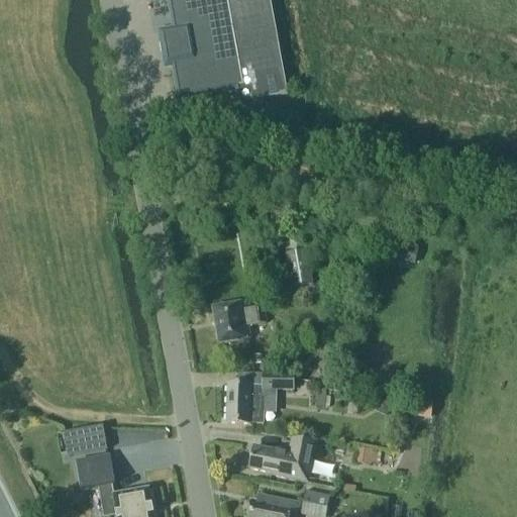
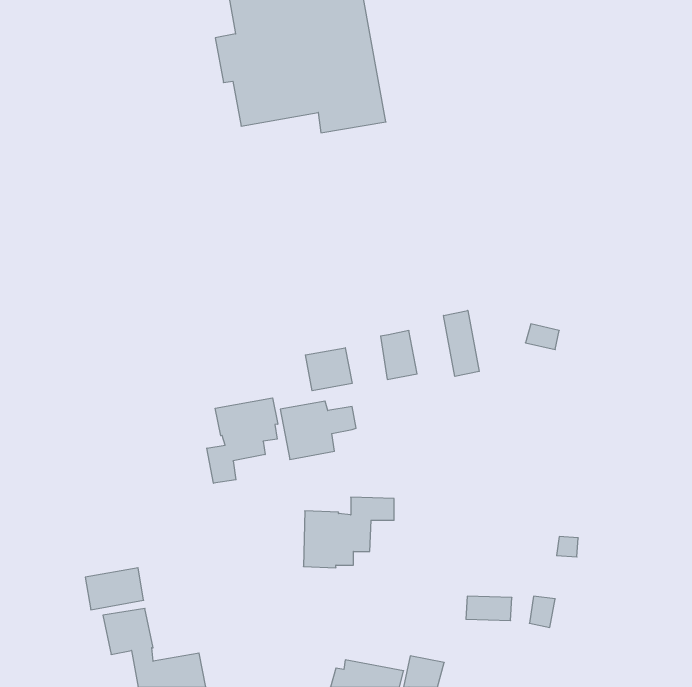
building: none -> [444,310,479,376]
building: none -> [305,348,352,391]
building: none -> [207,398,278,483]
building: [248,435,317,482] -> none

